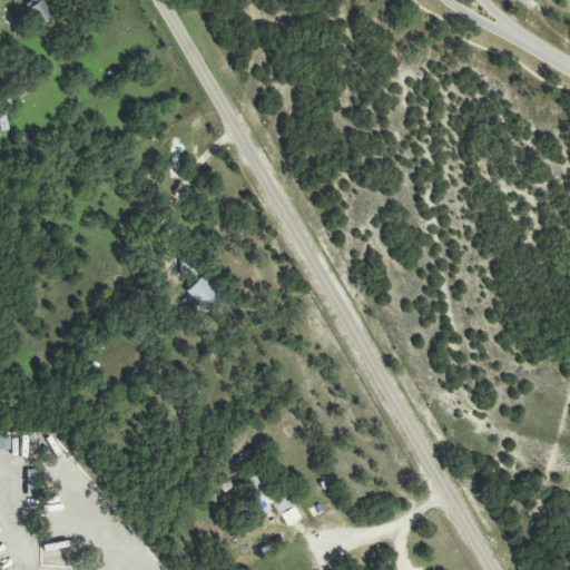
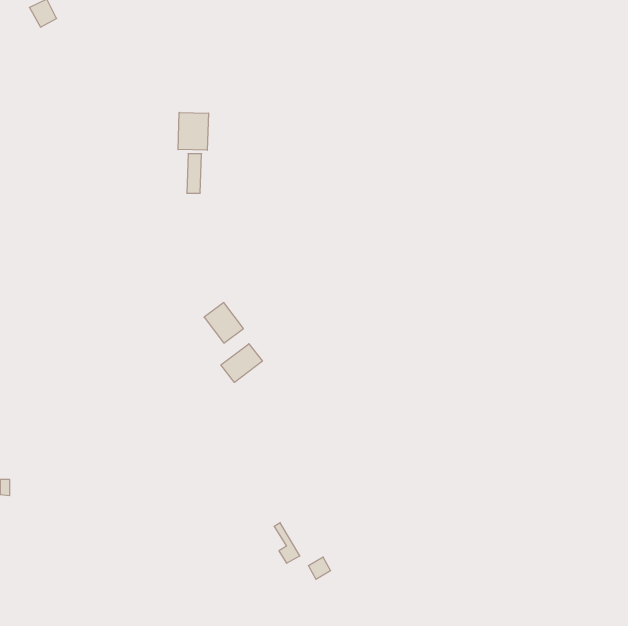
building: none -> [178,112,208,150]
building: none -> [221,344,262,382]

